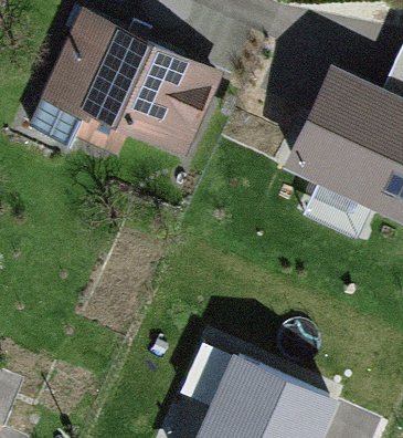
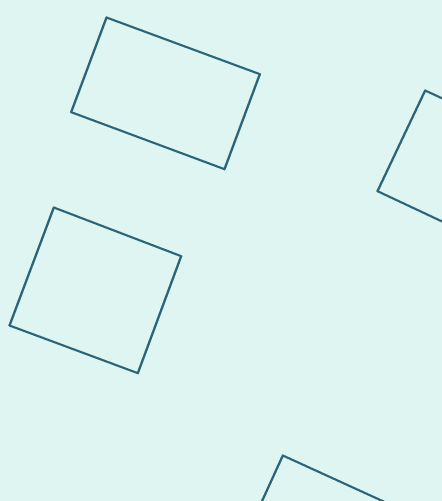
building: none -> [10,207,181,373]

